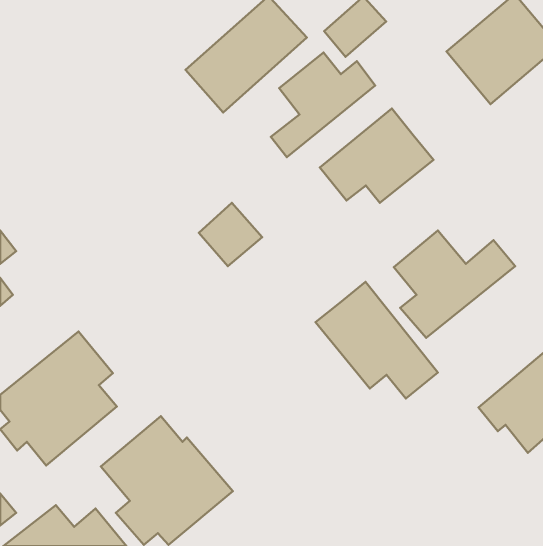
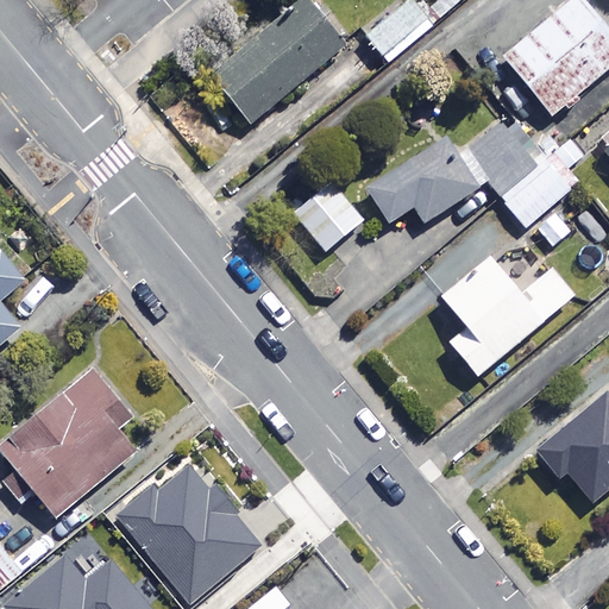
building: [271,53,375,157] -> none
building: none -> [464,117,584,226]
building: [199,203,262,266] -> [297,180,368,250]
building: [316,282,438,398] -> none

